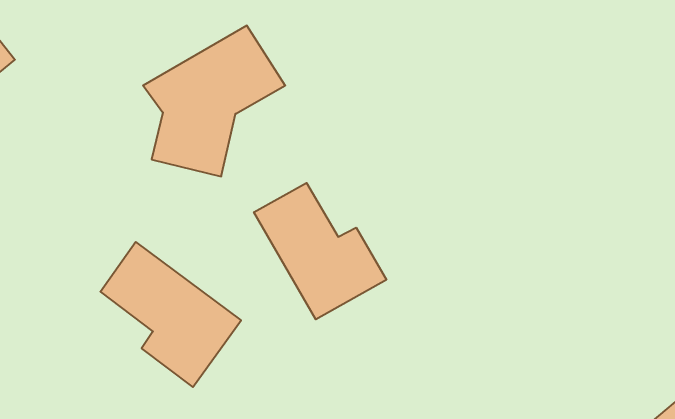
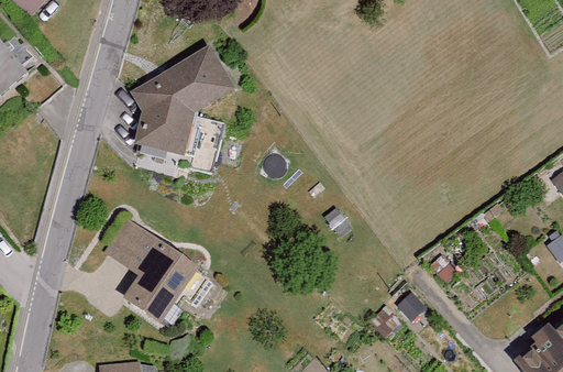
building: [254,183,386,319] -> none

